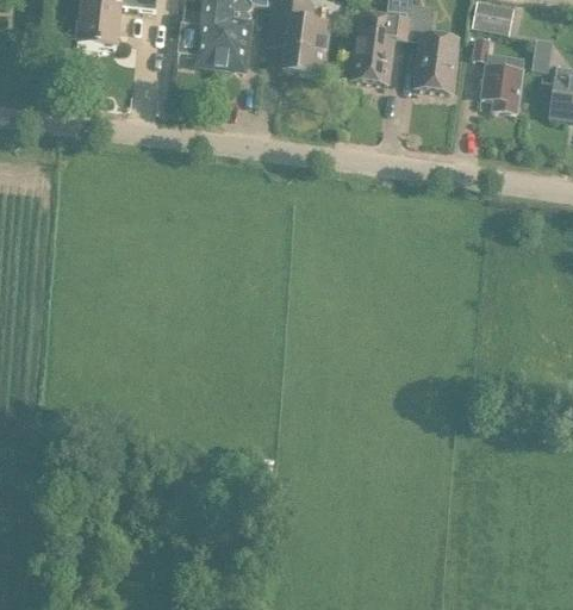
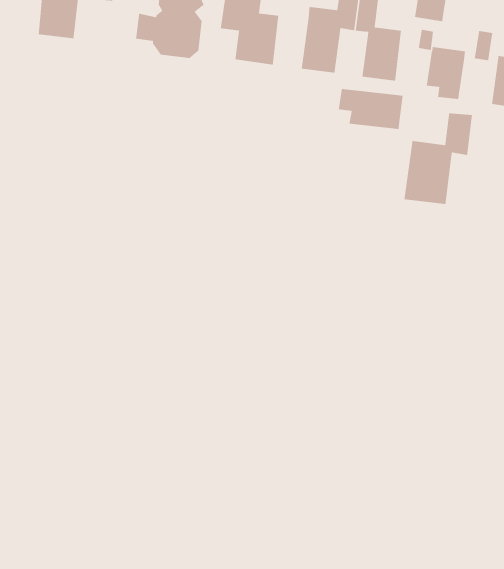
building: none -> [338,88,403,130]
building: none -> [403,113,473,205]

